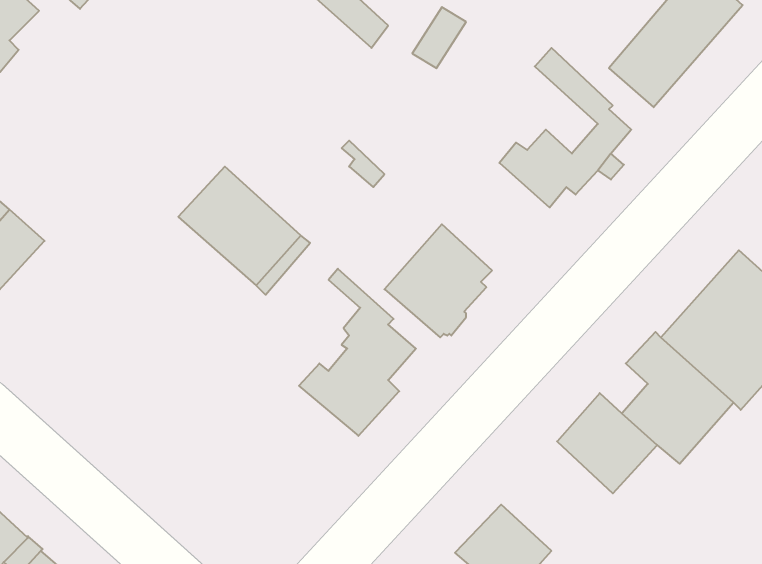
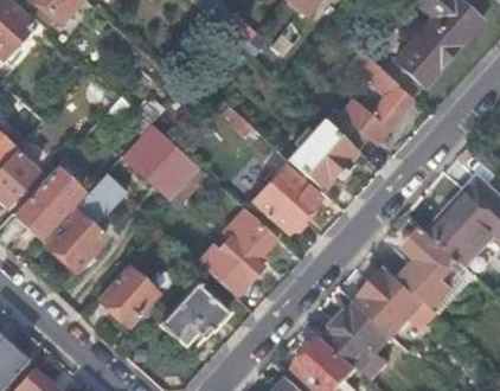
building: none -> [289,118,360,191]
building: none -> [14,168,81,237]
building: none -> [45,174,124,269]
building: none -> [97,264,158,326]
building: none -> [161,283,227,346]
building: none -> [328,303,395,371]

